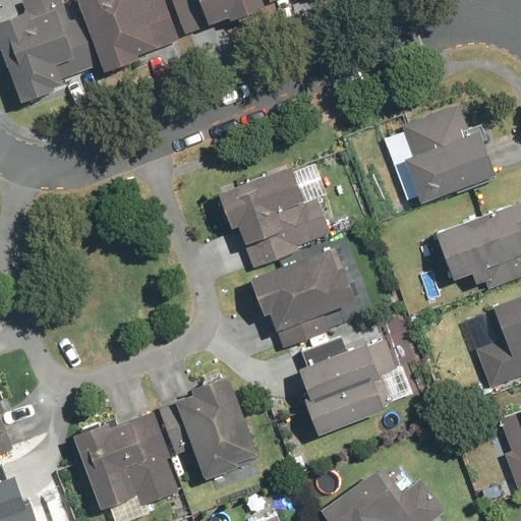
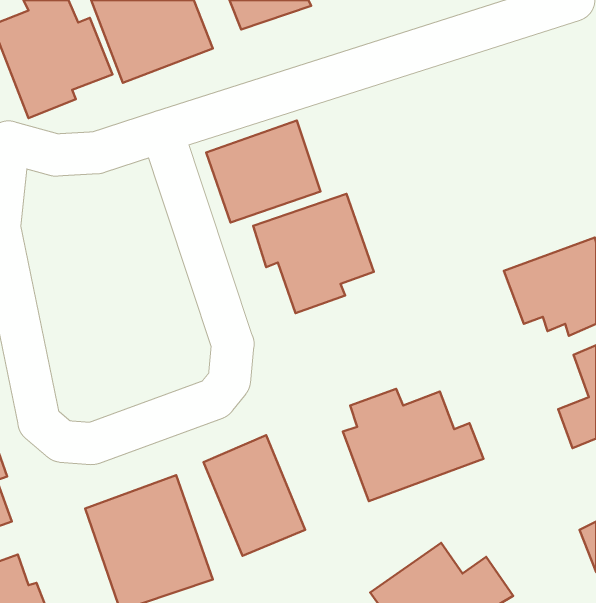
building: [399,104,494,200] -> none
building: none -> [206,121,320,223]
building: [250,245,357,347] -> none

